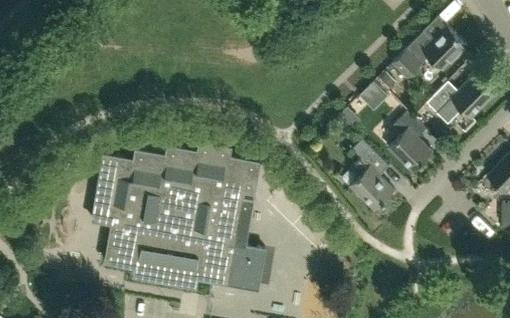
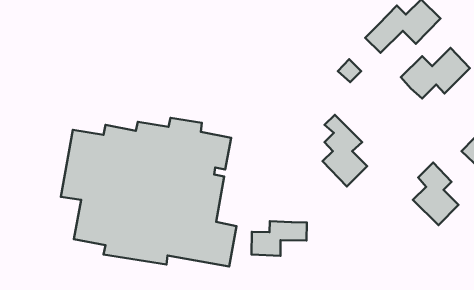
building: [387,111,432,173] -> [413,162,459,225]
building: none -> [251,221,307,256]

